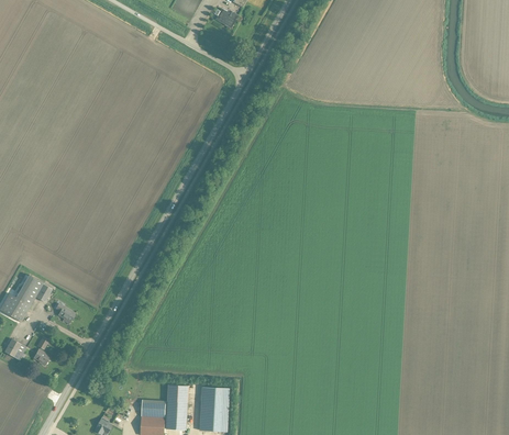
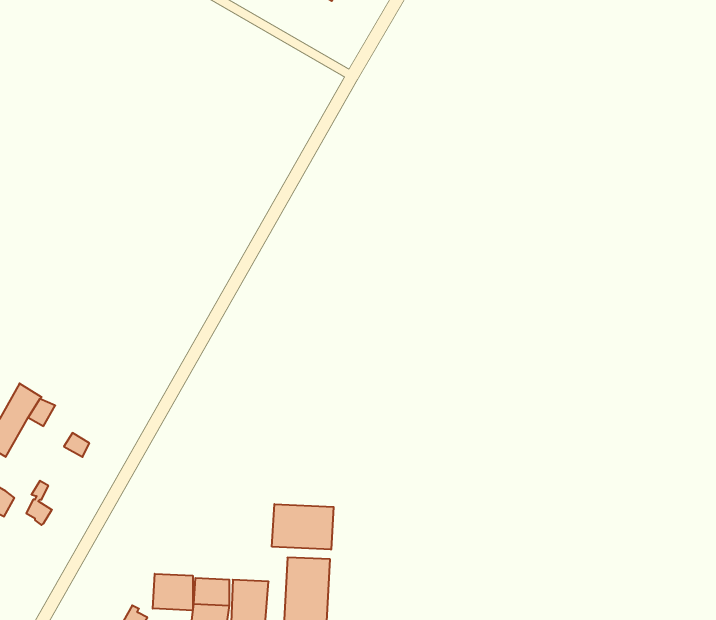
building: none -> [272,504,334,550]
building: none -> [153,574,193,611]

